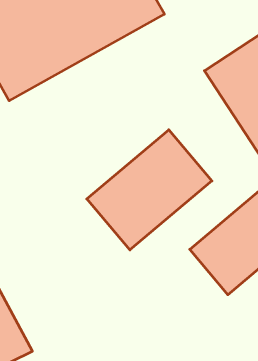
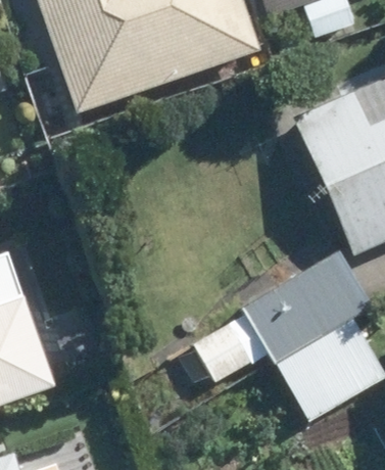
building: [87,130,212,250] -> none

